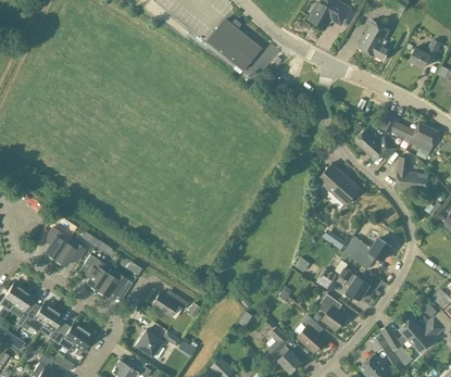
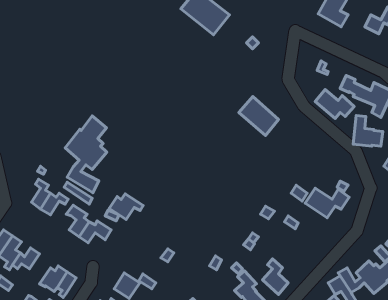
building: none -> [65,116,107,193]
building: [317,163,361,205] -> [239,97,279,135]
building: [336,260,371,300] -> none
building: [152,289,189,317] -> [109,194,143,220]
building: [318,293,347,330] -> none
building: [40,309,66,341] -> none

